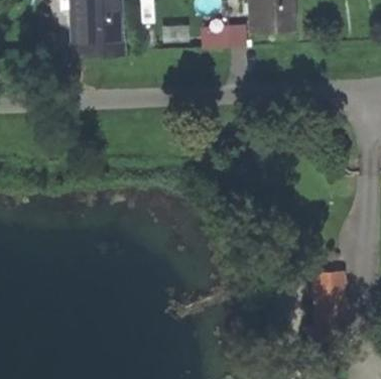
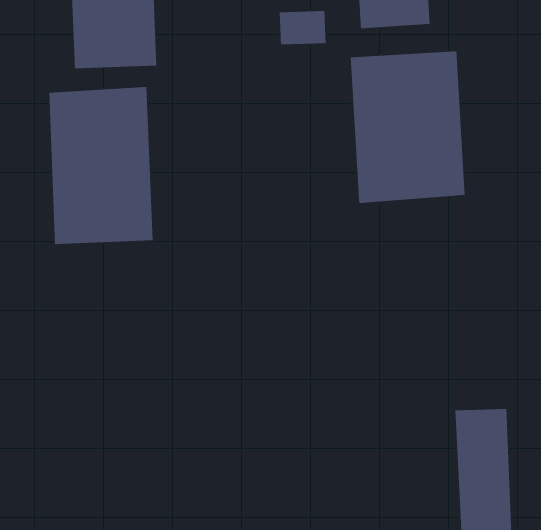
building: none -> [350,51,466,204]
building: none -> [48,86,153,245]

